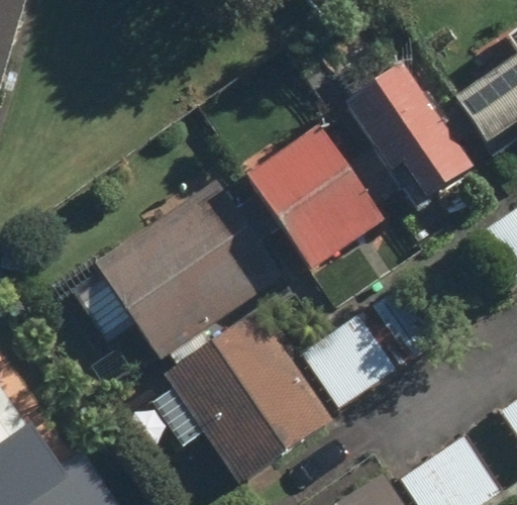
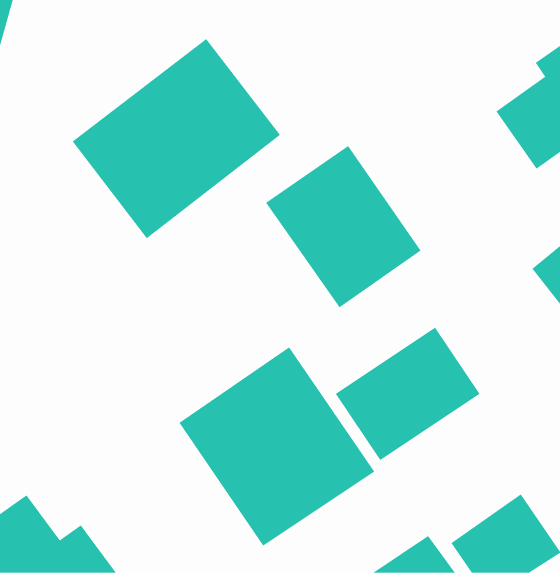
building: none -> [72,38,281,239]
building: [344,66,474,207] -> none
building: [72,178,280,356] -> none

